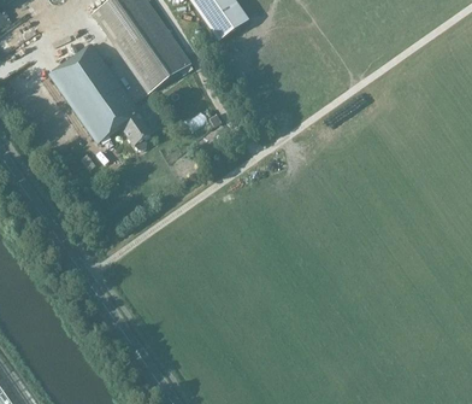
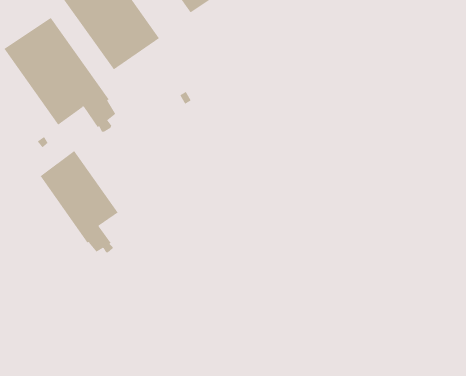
building: none -> [40,150,119,253]

